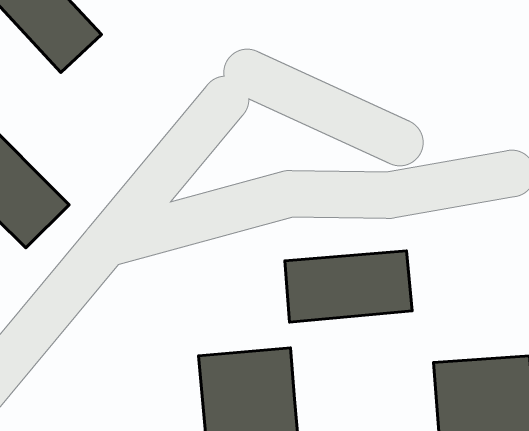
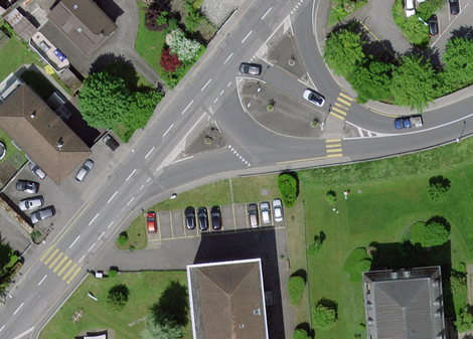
building: [285,251,412,322] -> none

